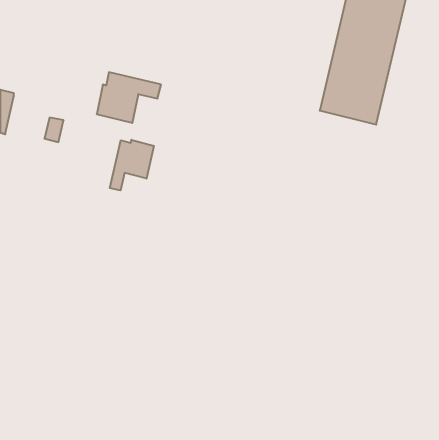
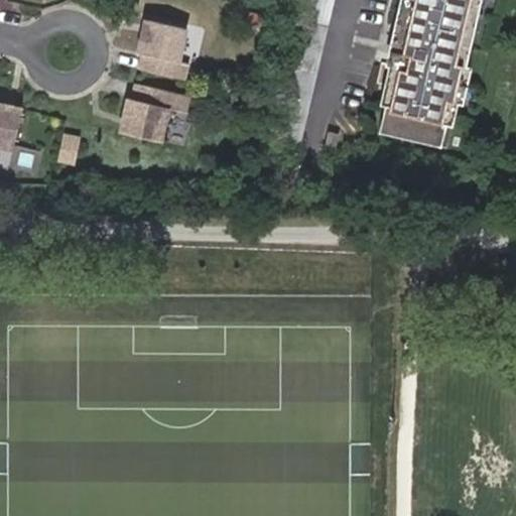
building: none -> [135,22,184,77]
building: [110,140,154,190] -> none

